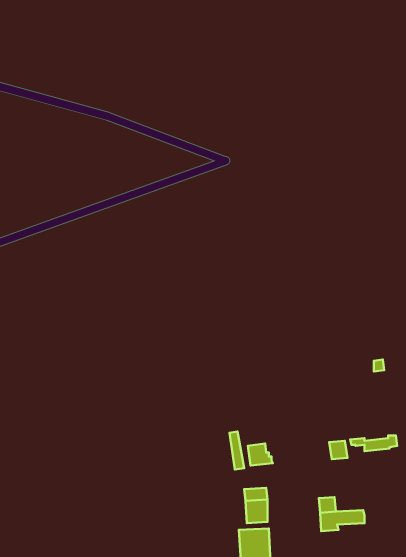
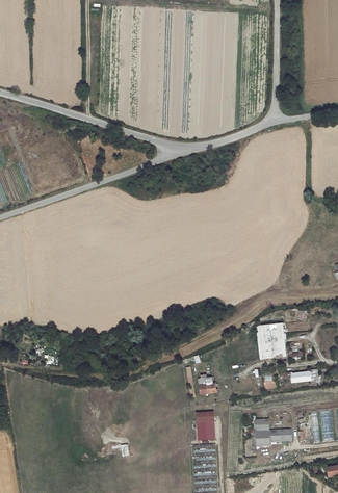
building: none -> [256,323,285,359]

